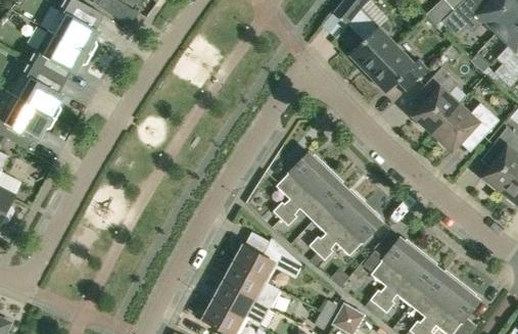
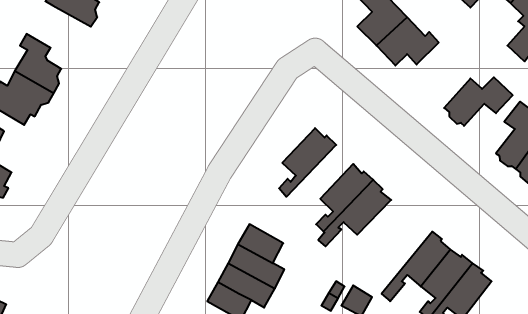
building: [29,34,91,75] -> none
building: [414,67,458,133] -> none
building: [280,169,344,226] -> none
building: [364,238,421,313] -> none

